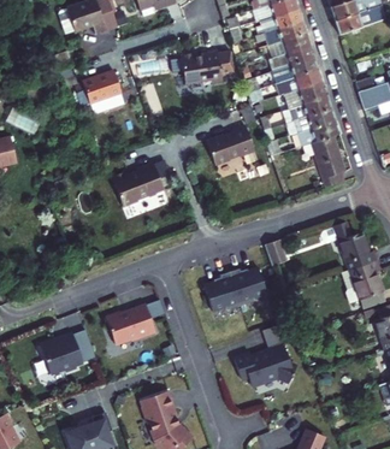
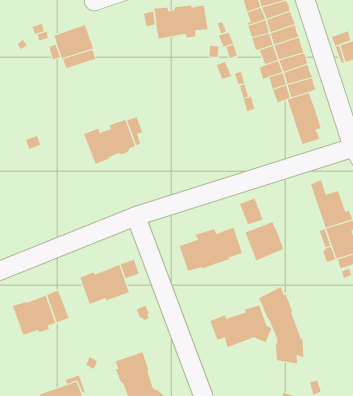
building: [206,125,254,164] -> none
building: none -> [245,221,284,262]
building: none -> [258,286,304,364]

